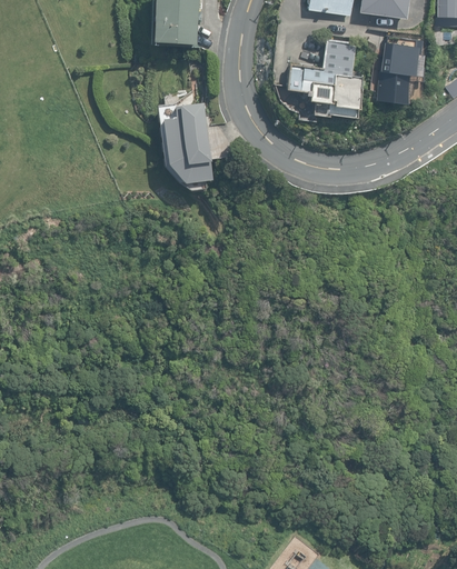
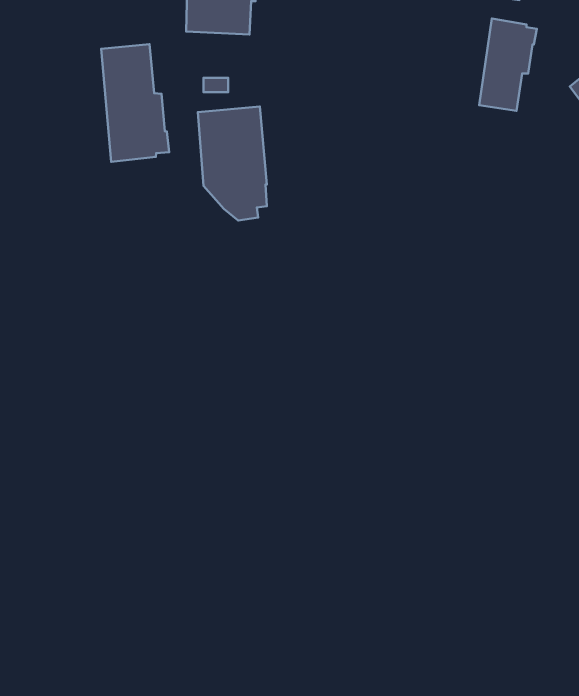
building: [289,38,366,118] -> none
building: none -> [101,44,169,162]

